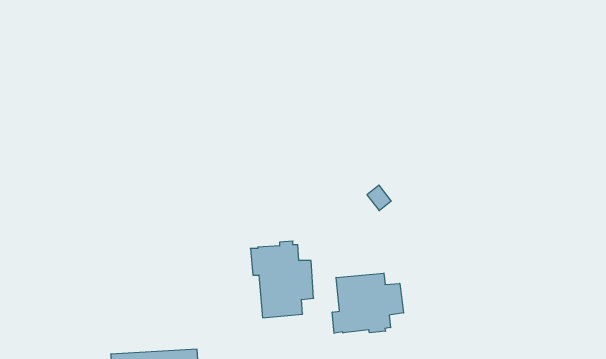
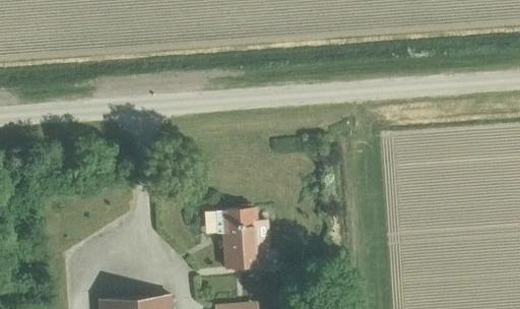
building: [332,273,404,333] -> none

